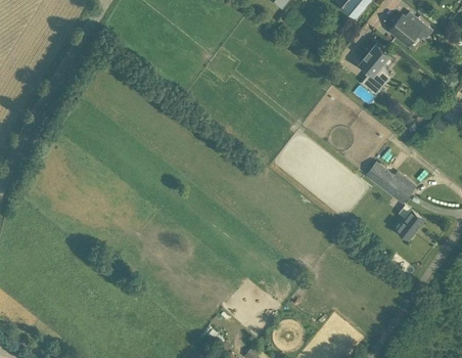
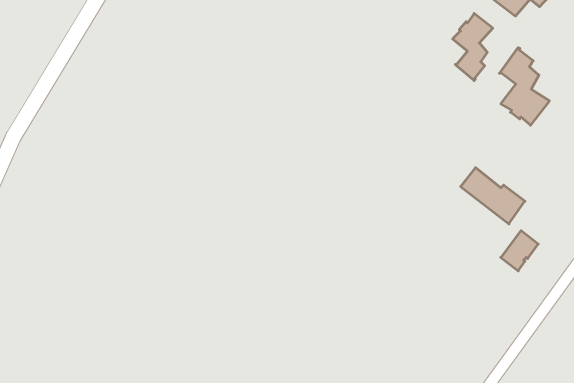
building: none -> [499,48,549,125]

